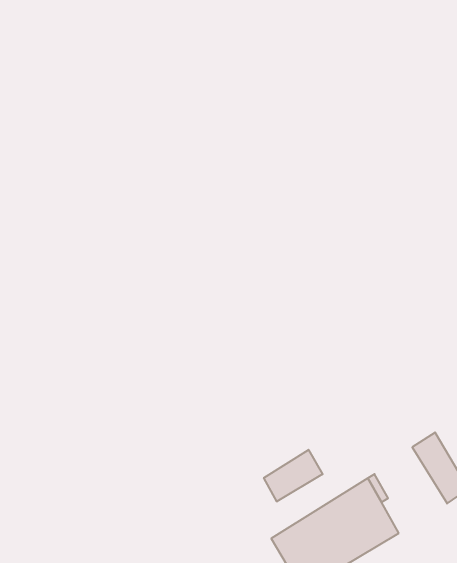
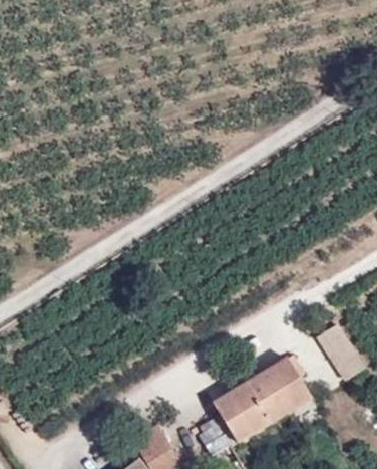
building: [264,450,323,502] -> none

